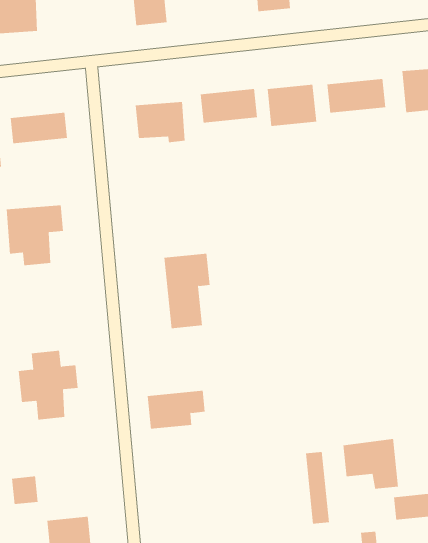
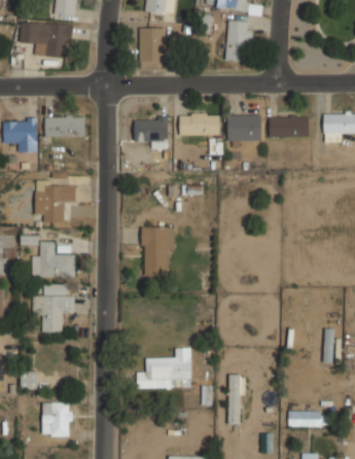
building: none -> [32,242,75,278]
building: [147,390,206,429] -> [151,363,191,387]
building: [343,438,398,489] -> none

